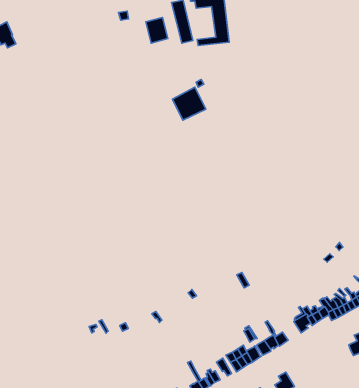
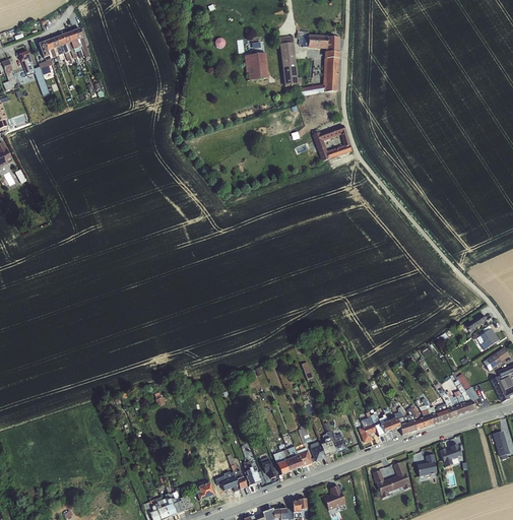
building: [172,87,206,120] -> [315,124,351,159]
building: none -> [372,462,410,498]

